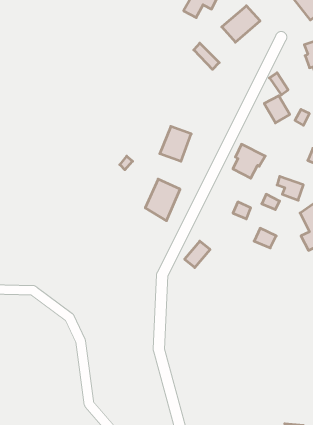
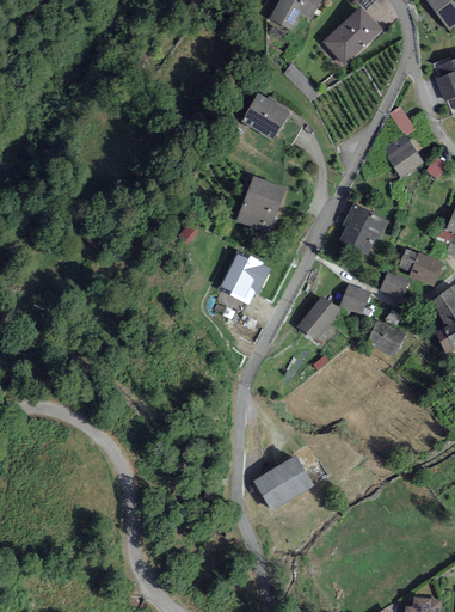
building: none -> [245,96,287,134]
building: [185,241,210,268] -> [302,299,338,336]
building: none -> [256,457,310,507]

